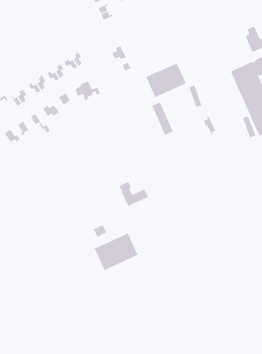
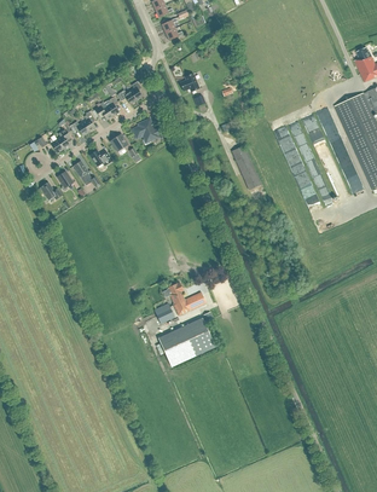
building: [146,63,186,98] -> none
building: [119,181,149,207] -> [167,282,207,314]

